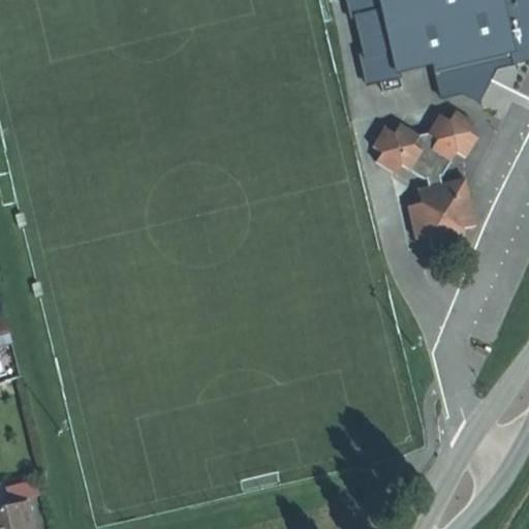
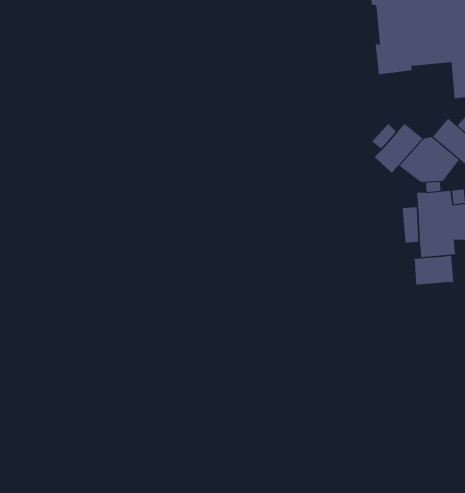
building: none -> [414,255,454,285]

